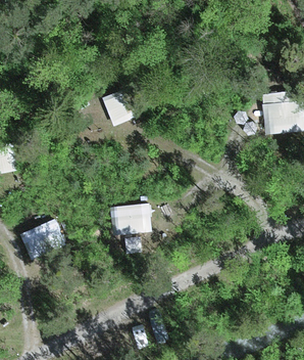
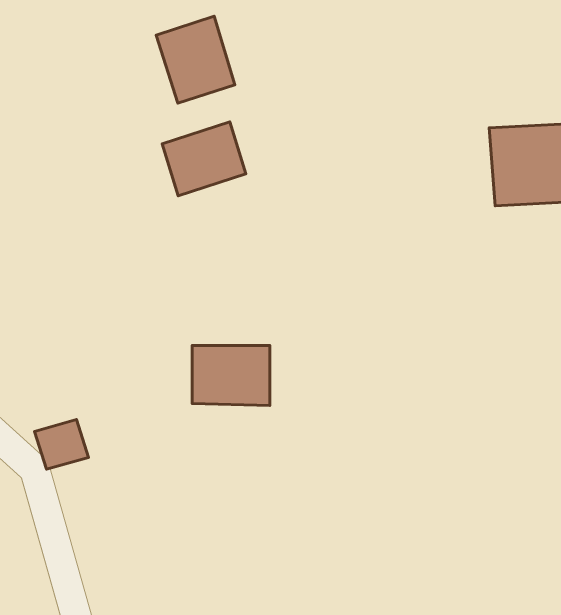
building: none -> [156,16,235,103]

